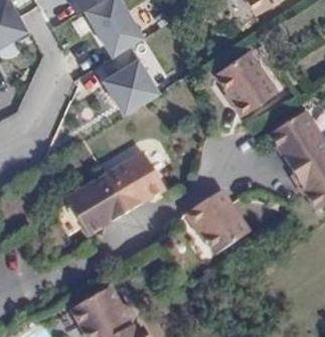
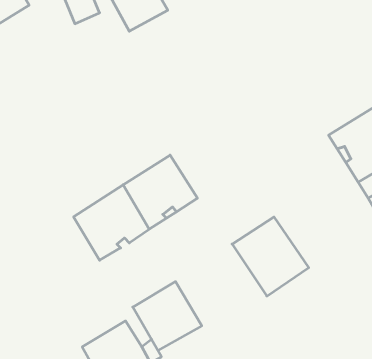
building: [223,50,283,114] -> none
building: [105,55,159,114] -> none
building: none -> [133,282,202,350]

